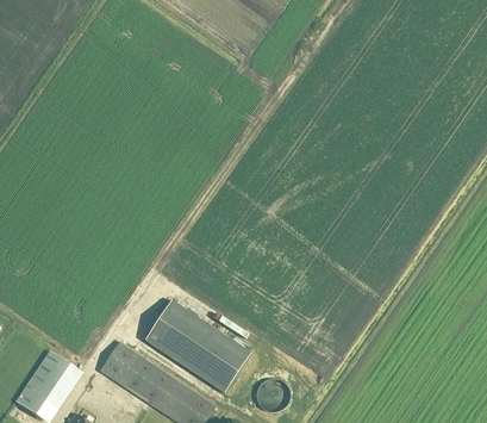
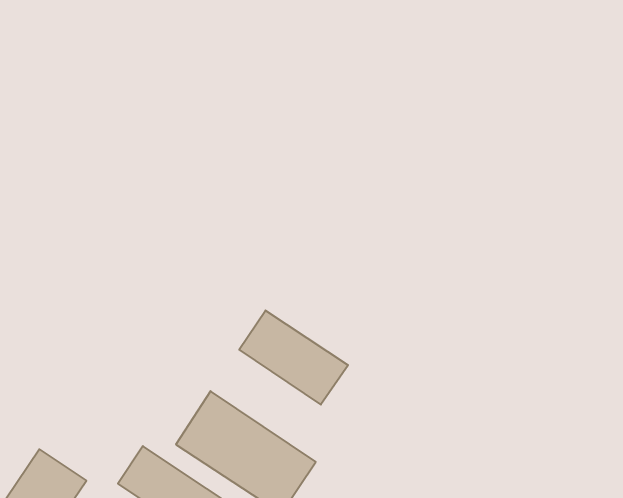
building: none -> [239,310,348,405]

